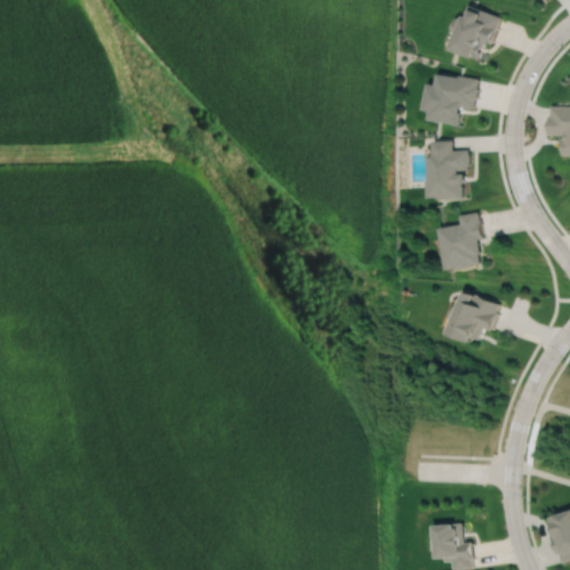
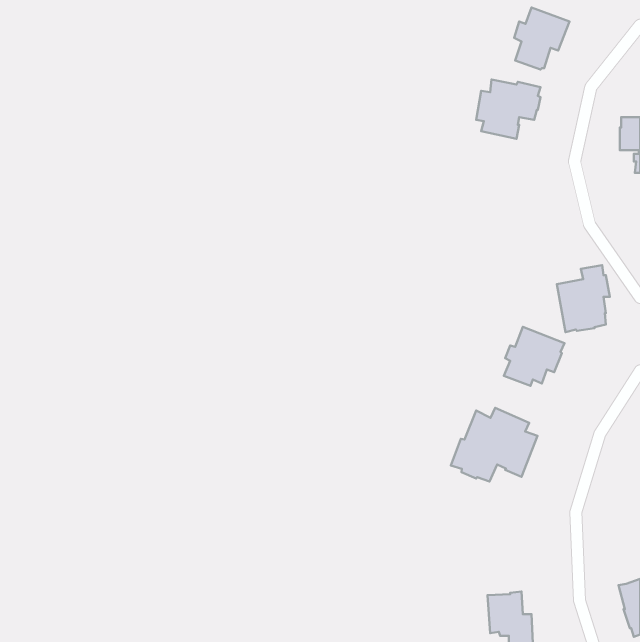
building: [425,140,469,199] -> none
building: [436,212,483,271] -> [557,265,610,332]
building: none -> [451,408,538,482]

